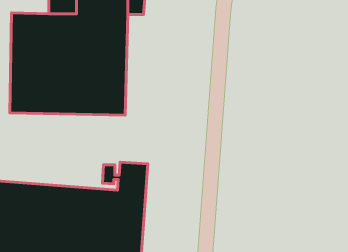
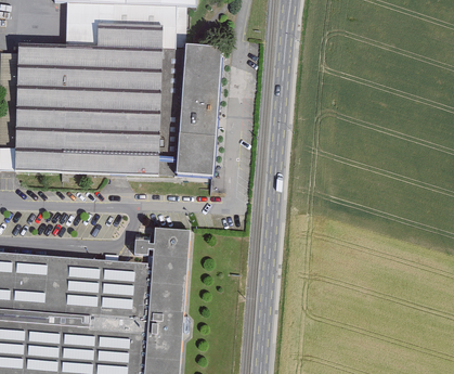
building: none -> [174,48,220,180]

